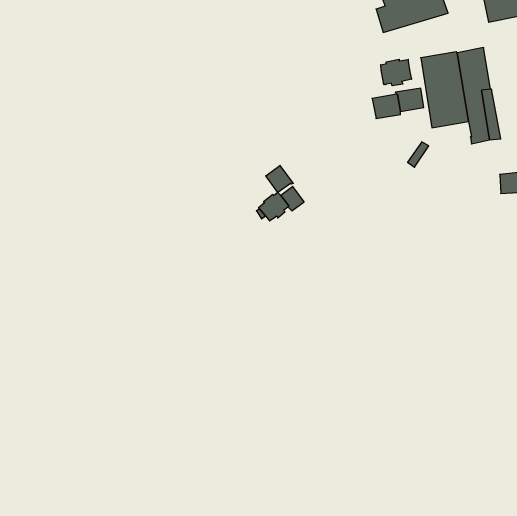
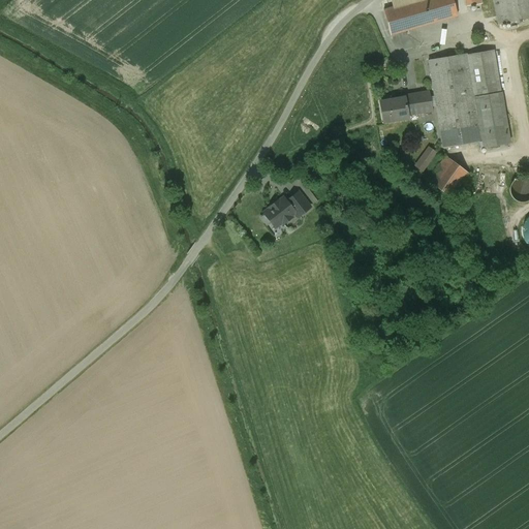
building: [381,59,411,86] -> none
building: none -> [441,124,481,146]
building: none -> [430,156,471,196]
building: [266,165,293,193] -> none

